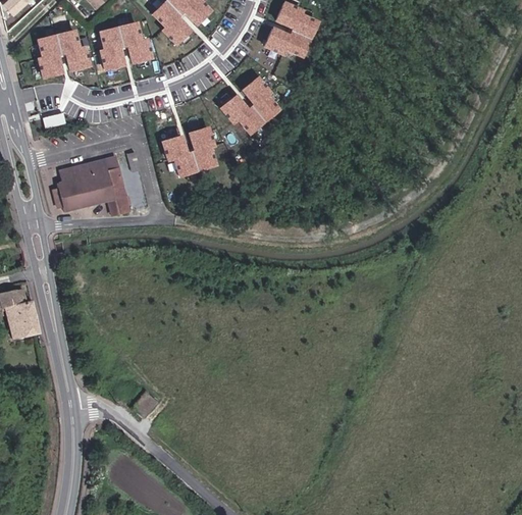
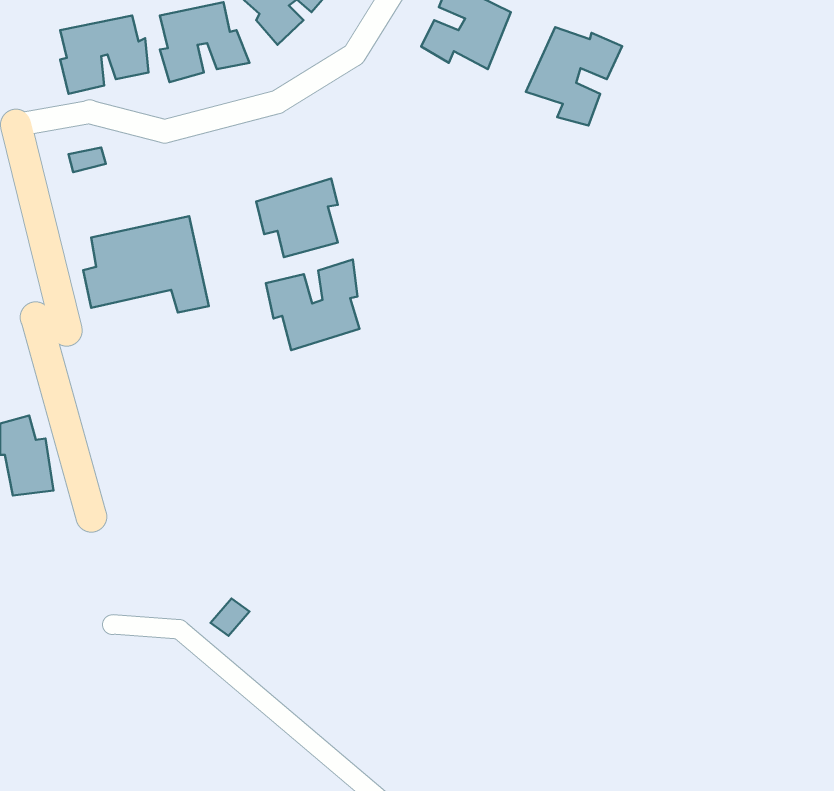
building: none -> [526,27,622,125]
building: [218,79,277,136] -> none
building: none -> [266,259,359,350]

